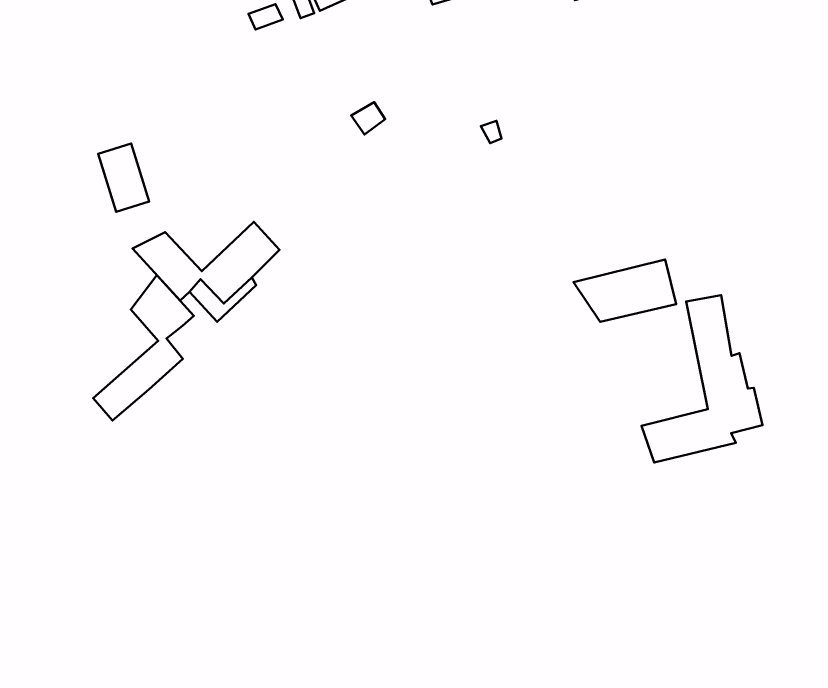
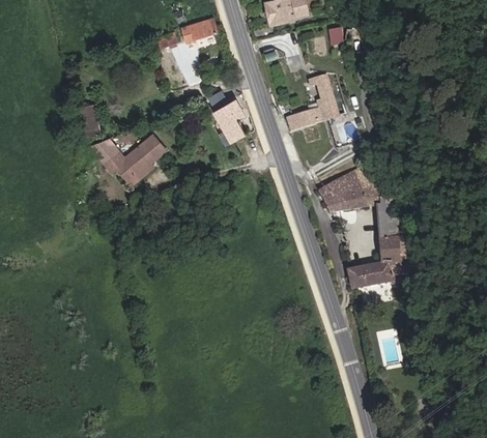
building: none -> [282,72,334,127]
building: none -> [219,96,254,140]
building: [93,275,194,420] -> none

